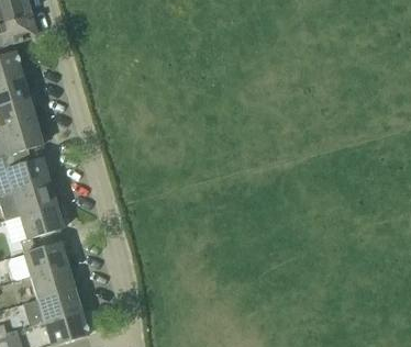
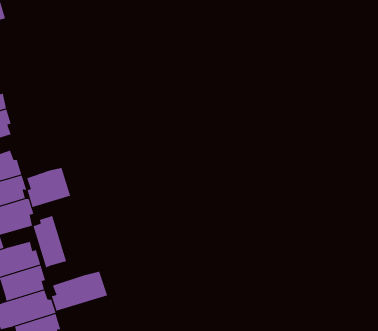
building: none -> [26,167,71,208]
building: none -> [33,215,67,268]
building: none -> [51,271,108,312]

